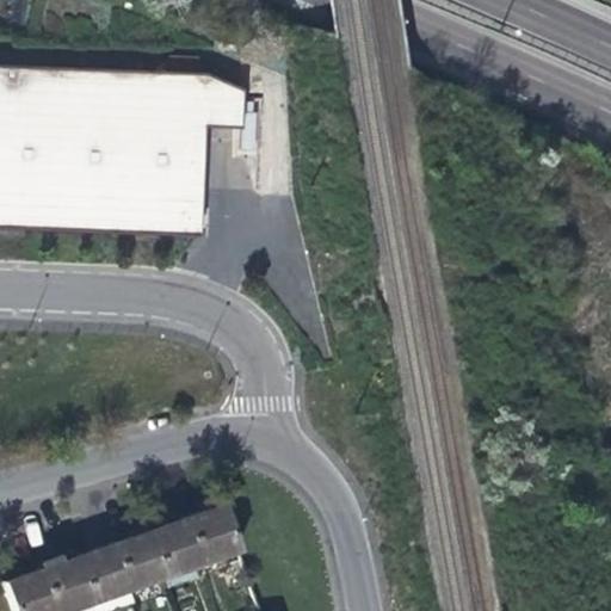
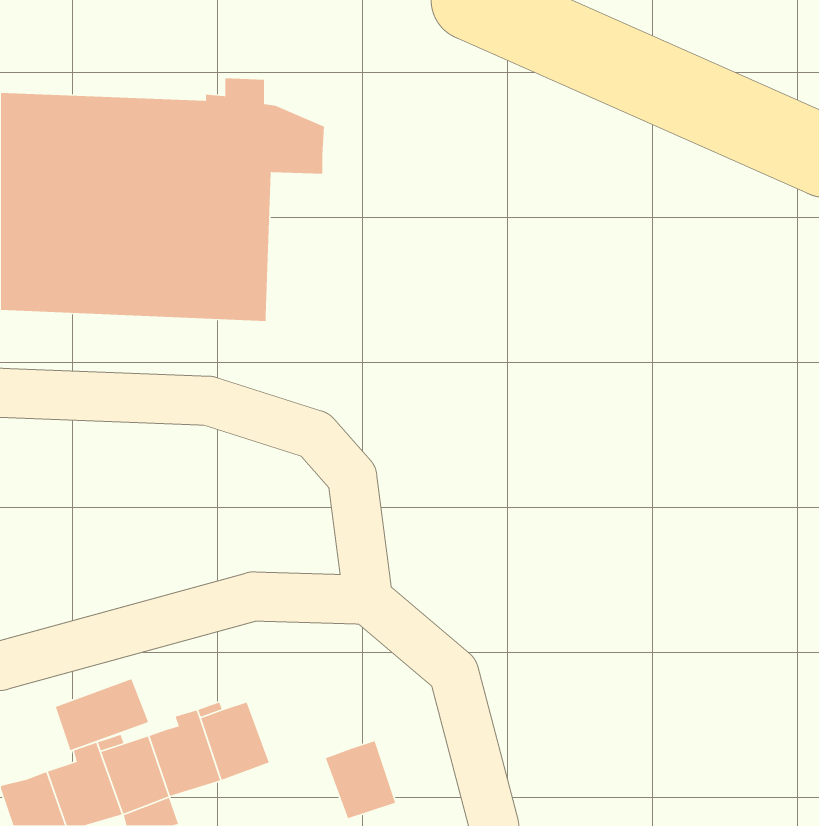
building: none -> [55,678,149,751]
building: [187,505,240,563] -> [325,740,396,819]

